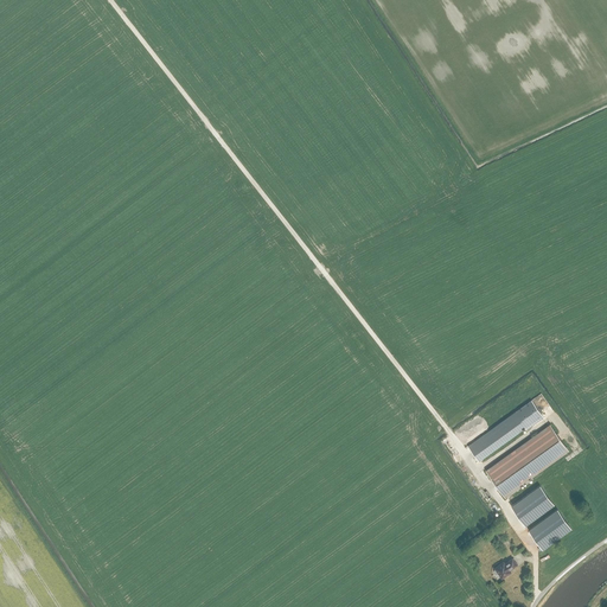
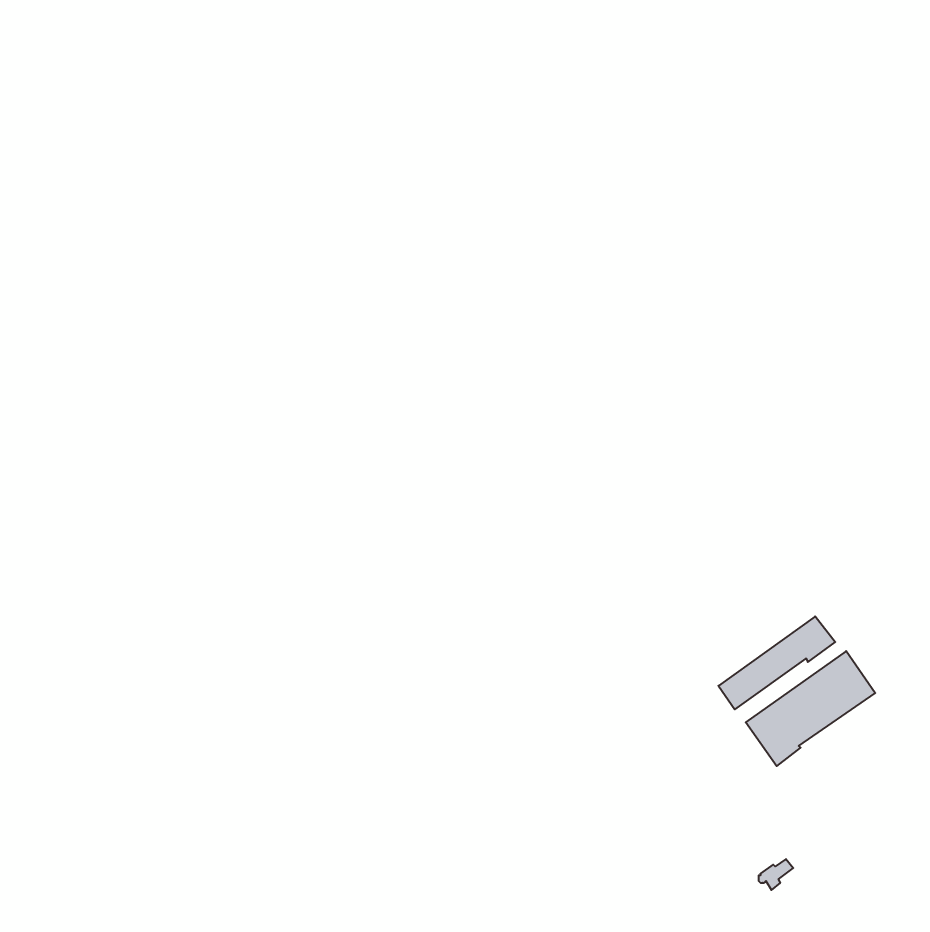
building: [510,486,552,525] -> none
building: [528,510,570,549] -> none

